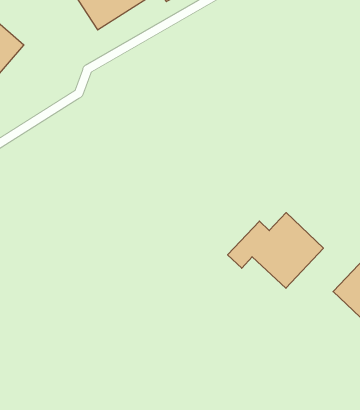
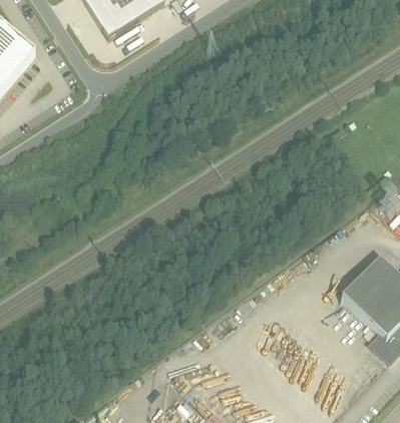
building: [228,213,323,288] -> none

